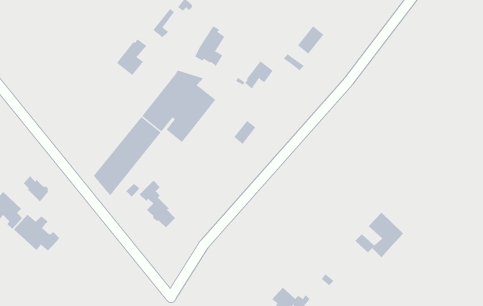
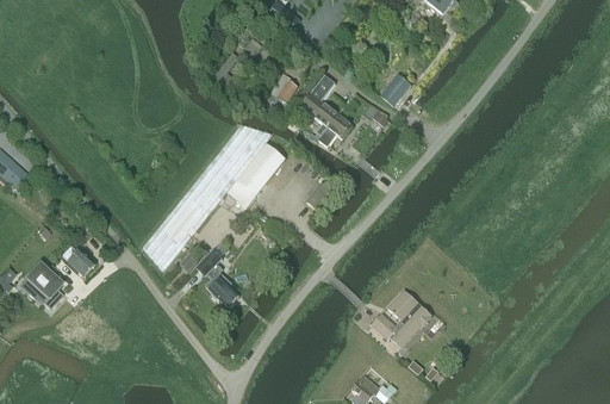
building: none -> [300,74,337,133]
building: [116,39,147,76] -> none
building: [355,212,404,258] -> [372,290,429,343]
building: [13,214,60,251] -> none

